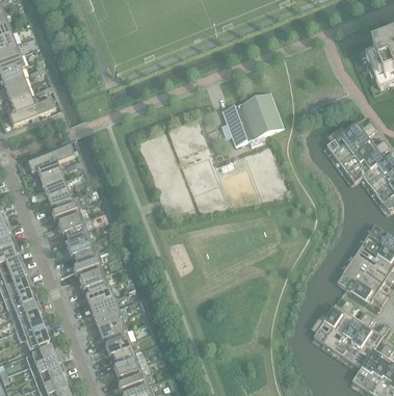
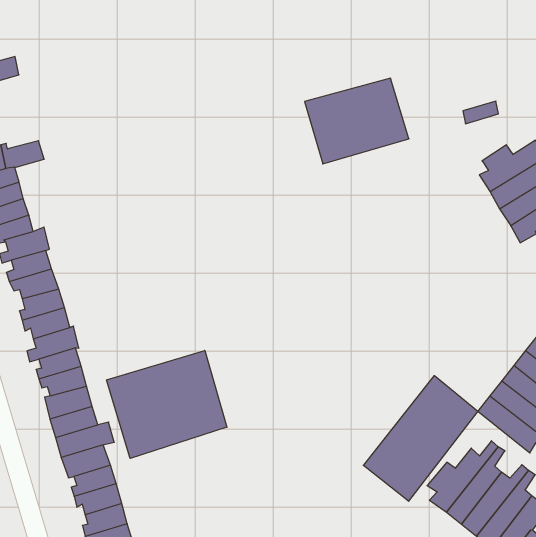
building: none -> [107,350,227,458]
building: none -> [363,376,478,501]

